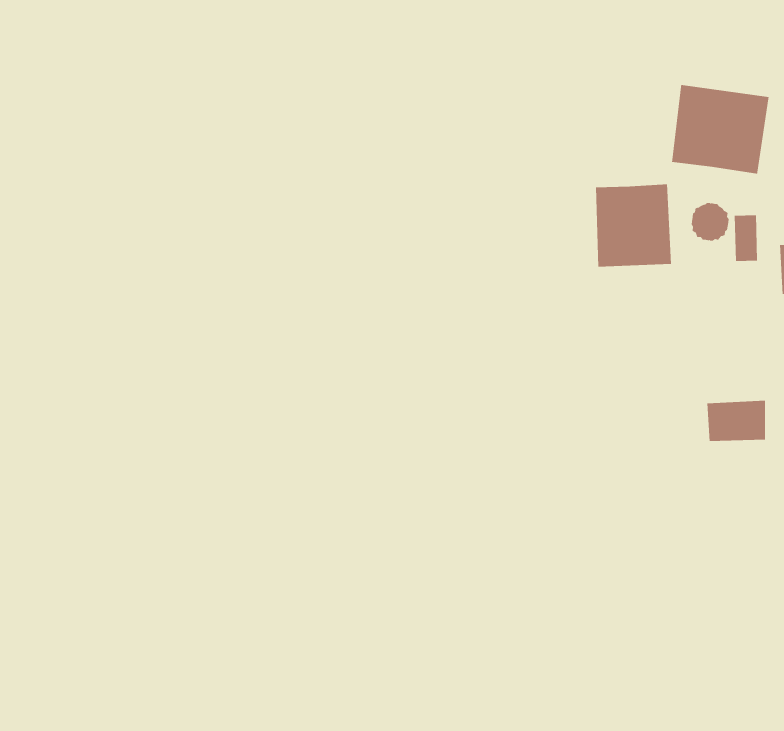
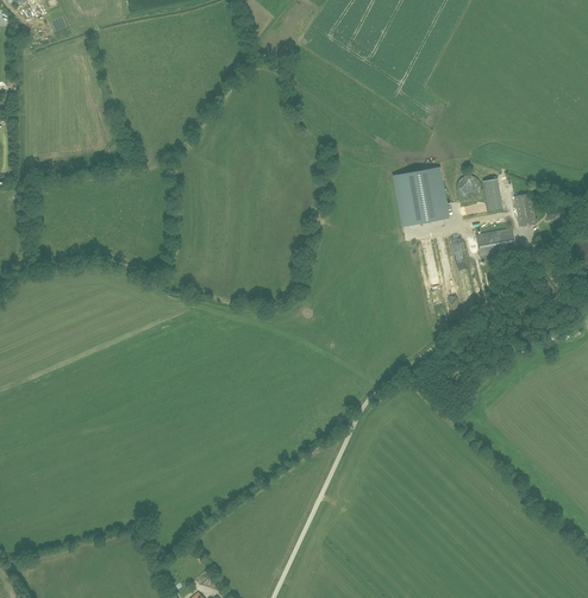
building: [671,84,769,175] -> none
building: [706,400,766,442] -> [475,227,515,258]

